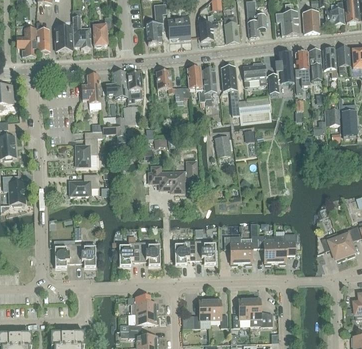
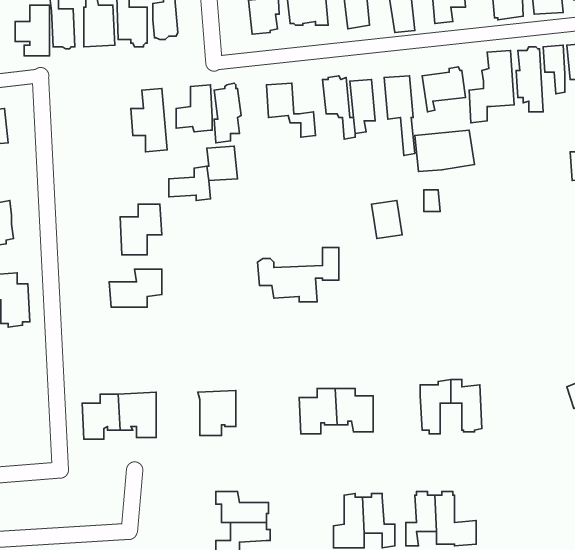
building: [274,233,295,263] -> none
building: [224,235,242,264] -> none
building: [139,240,160,265] -> none

